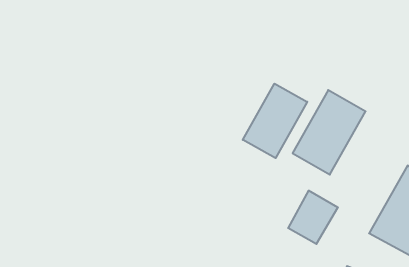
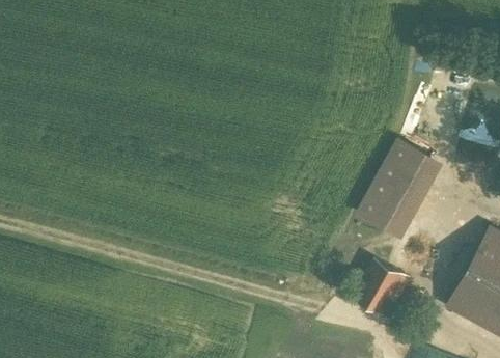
building: [243,84,307,158] -> none

